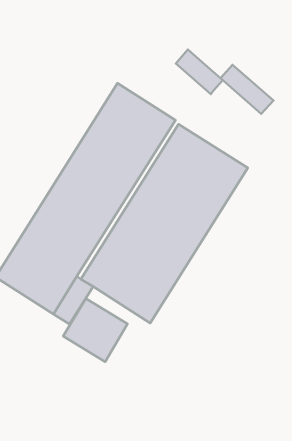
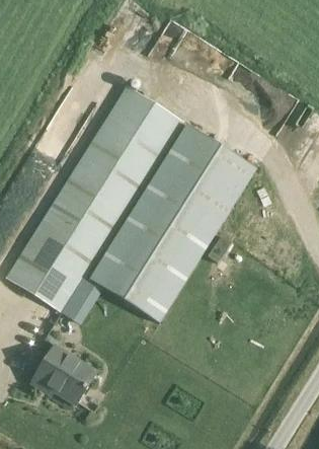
building: [176,50,223,94] -> none
building: [63,298,127,362] -> [33,343,97,405]

